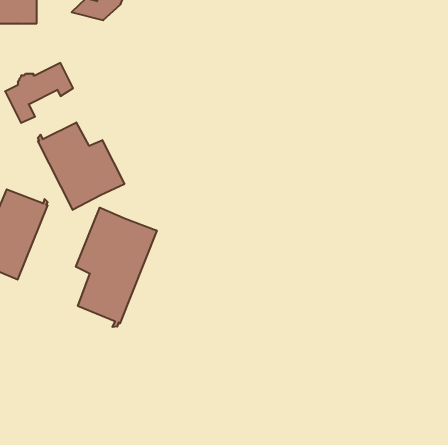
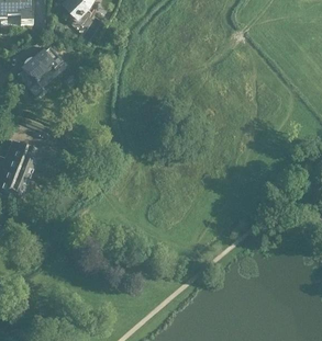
building: [38,122,124,210] -> none
building: [76,208,157,327] -> none

